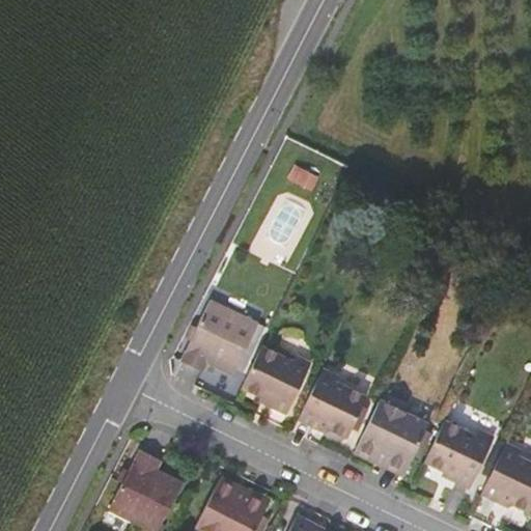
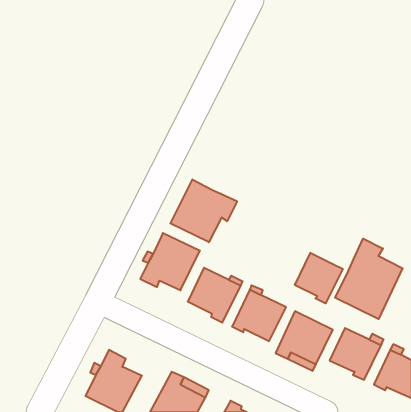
building: none -> [170,179,237,242]
building: none -> [335,239,403,319]
building: none -> [295,253,343,303]

